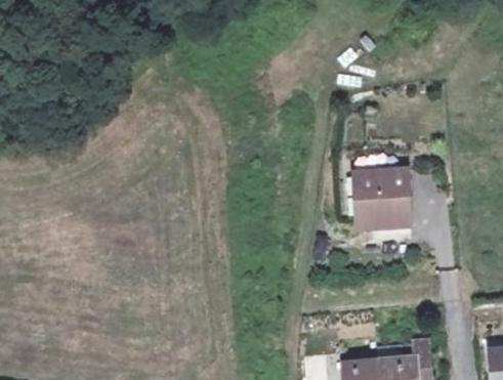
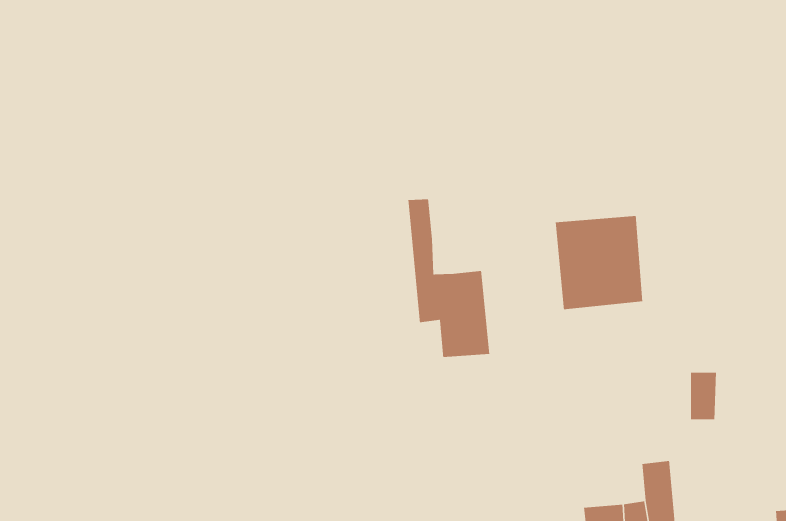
building: none -> [408,198,490,358]

